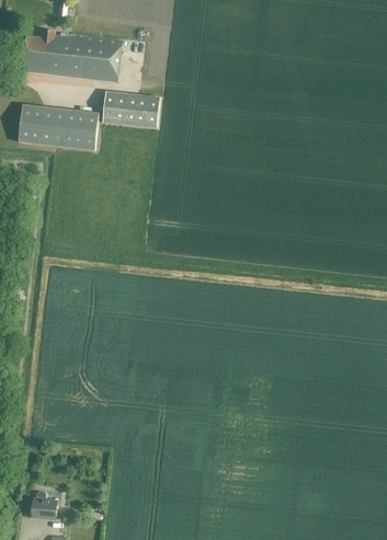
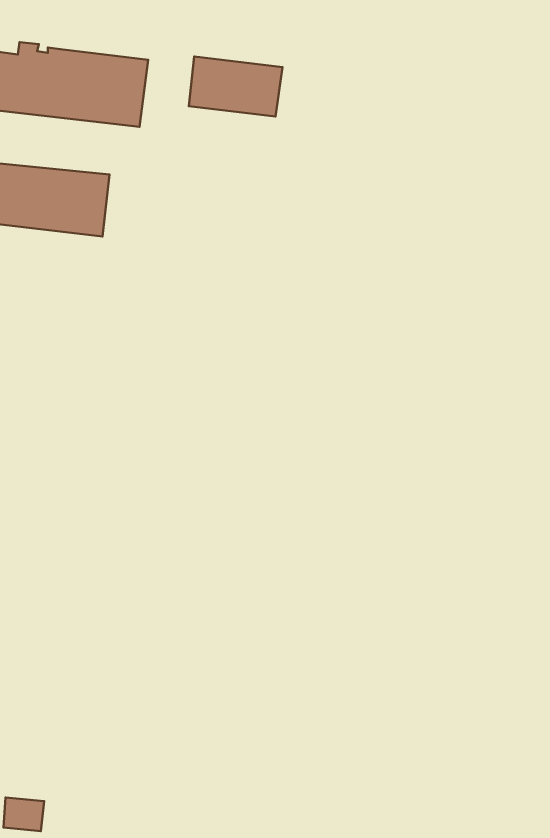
building: [101,90,159,127] -> [189,57,282,117]

